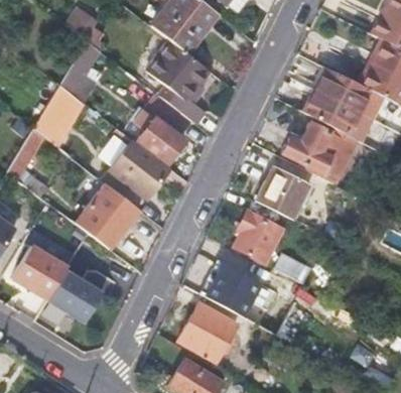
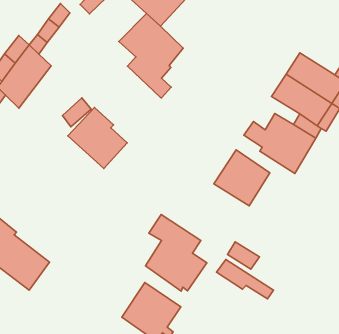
building: [132,94,195,163] -> none
building: [78,183,140,248] -> none
building: [235,214,281,264] -> none

